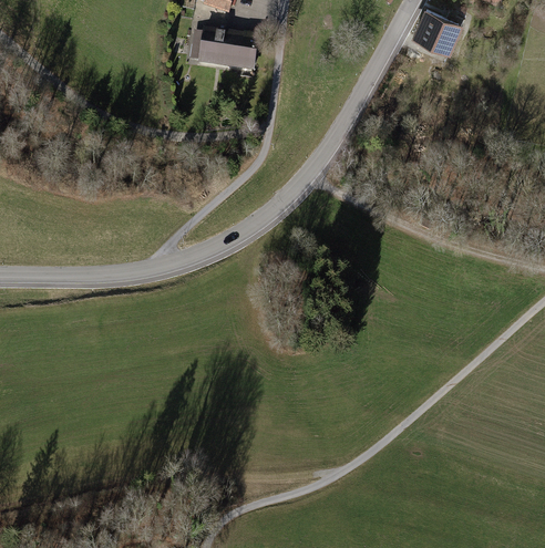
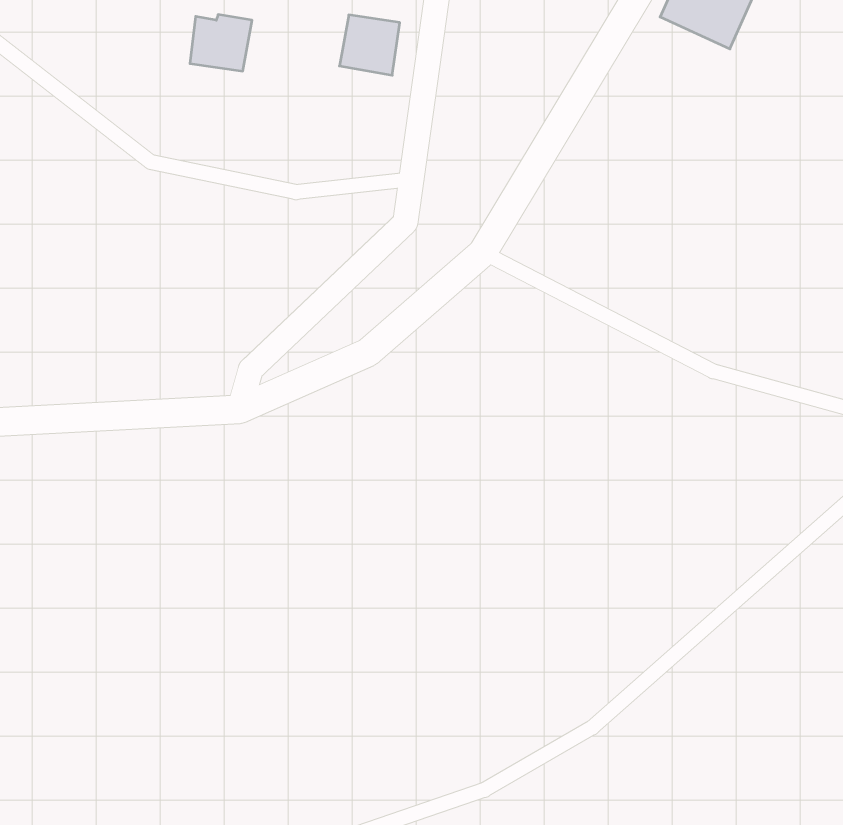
building: [191,31,227,64] -> [190,15,252,71]

